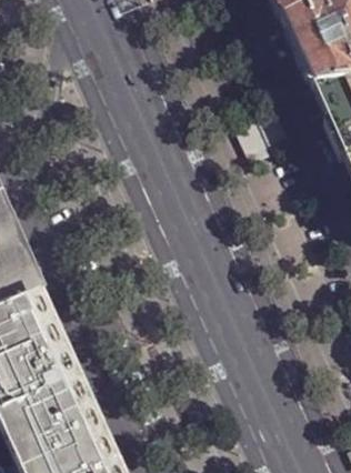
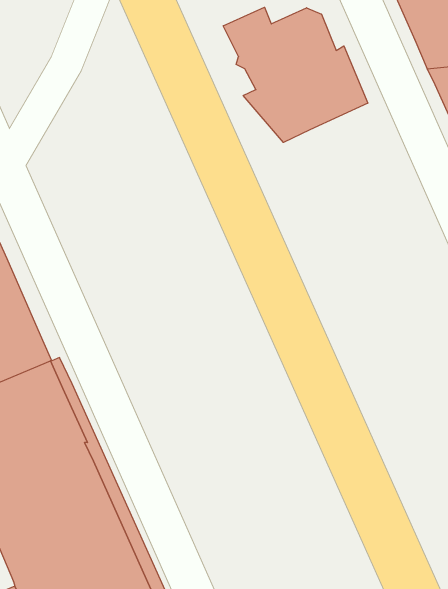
building: none -> [223,7,368,142]

